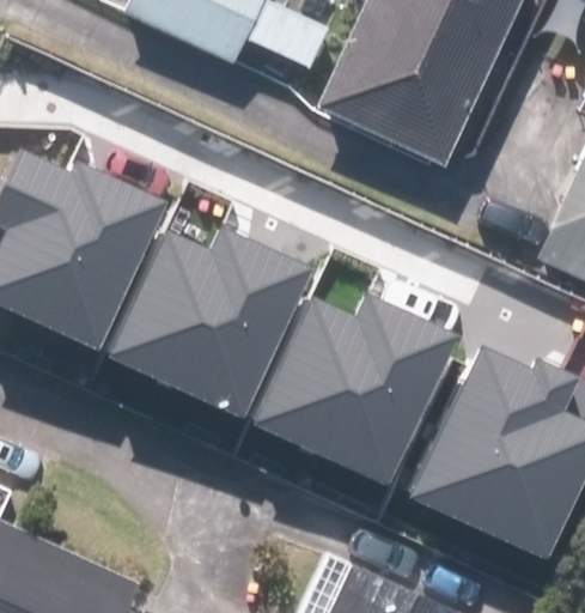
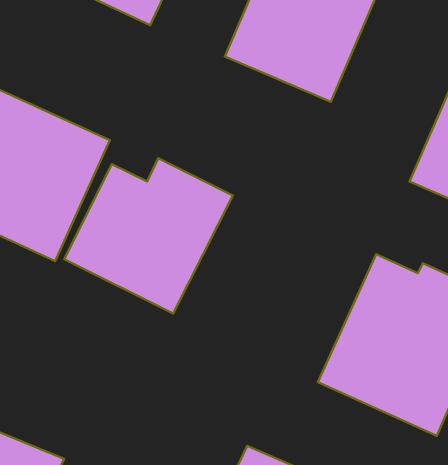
building: [260,295,459,479] -> none

